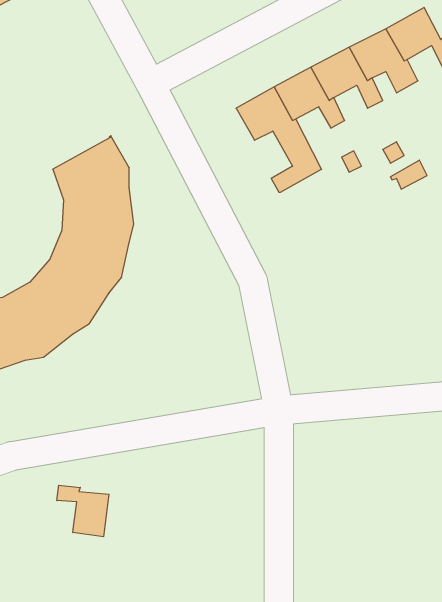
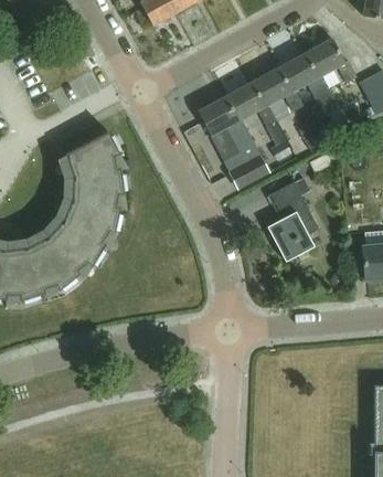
building: none -> [230,155,269,188]
building: none -> [267,177,319,261]
building: [57,485,109,537] -> none

